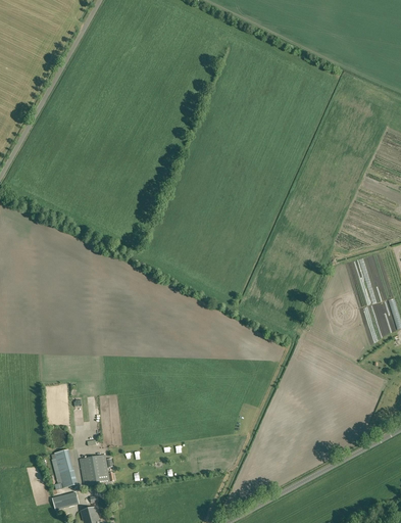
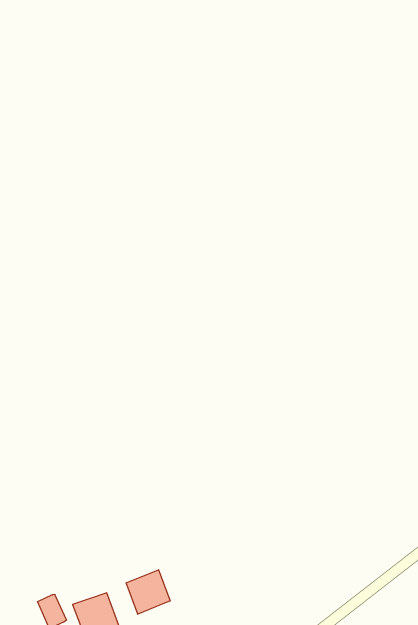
building: none -> [126,570,170,614]

